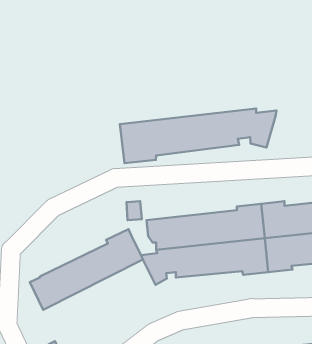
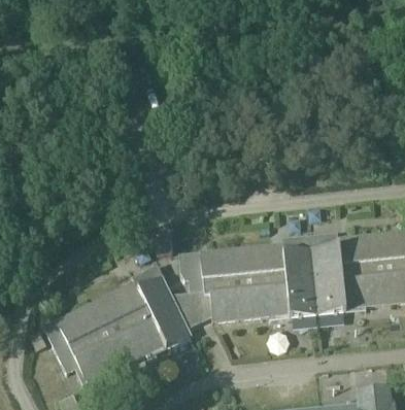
building: [120,109,276,163] -> none
building: none -> [60,300,193,384]

